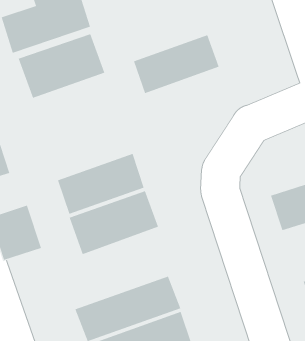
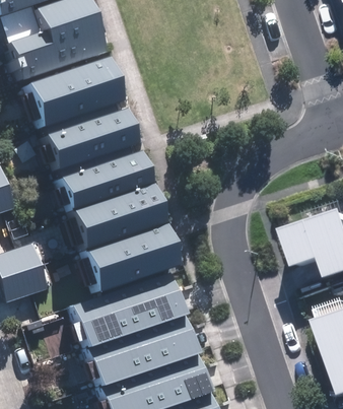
building: [133,34,219,94] -> [40,110,131,173]
building: none -> [52,151,144,213]
building: none -> [68,271,183,349]

